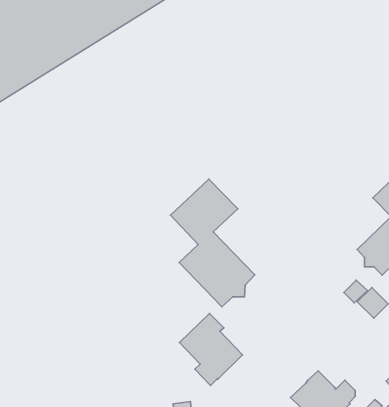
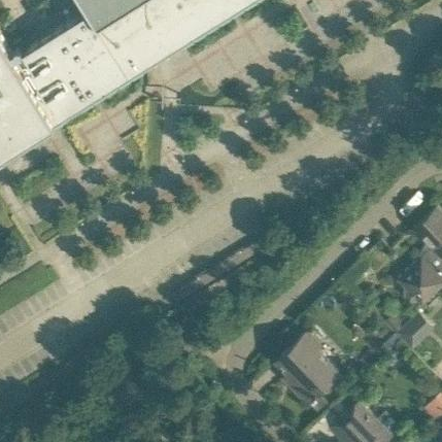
building: [171,179,255,307] -> none
building: [180,314,242,386] -> [278,332,341,404]

